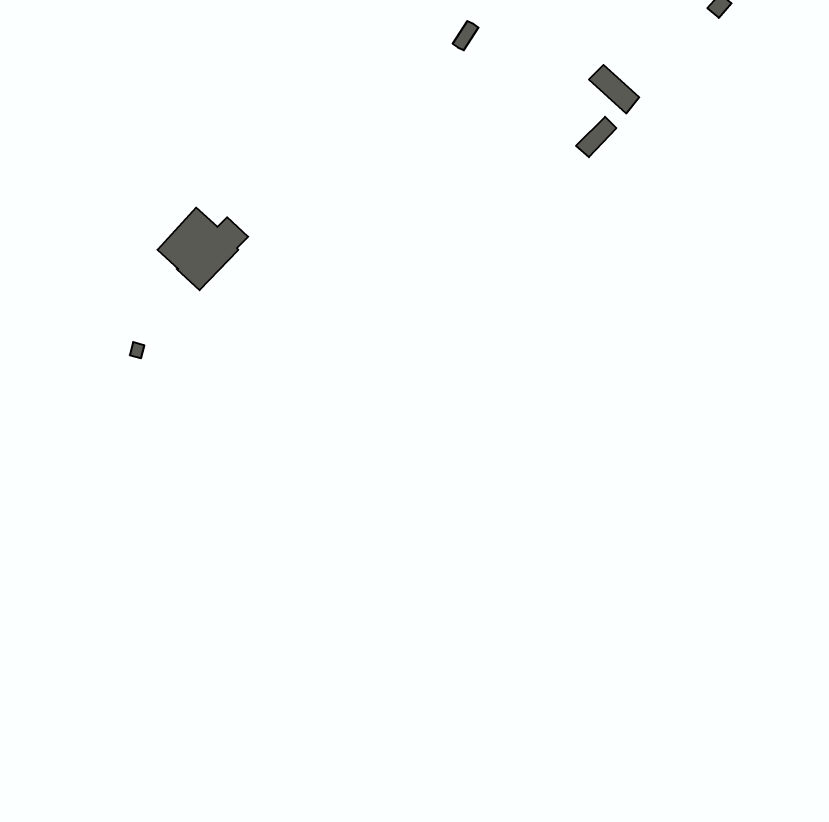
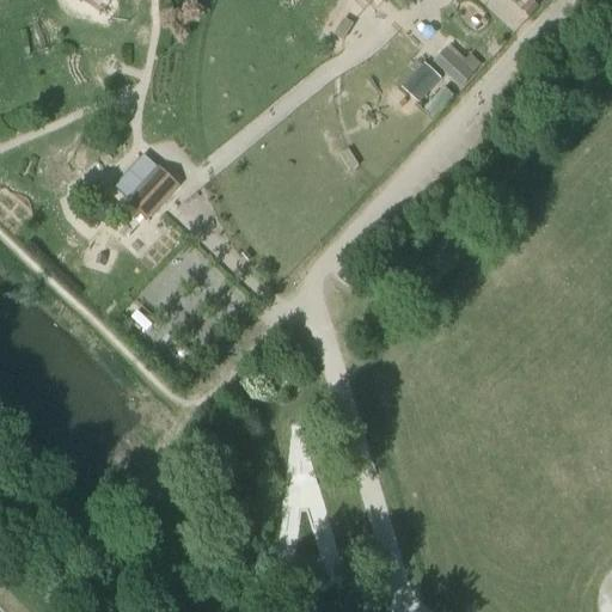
building: none -> [402,62,442,103]

